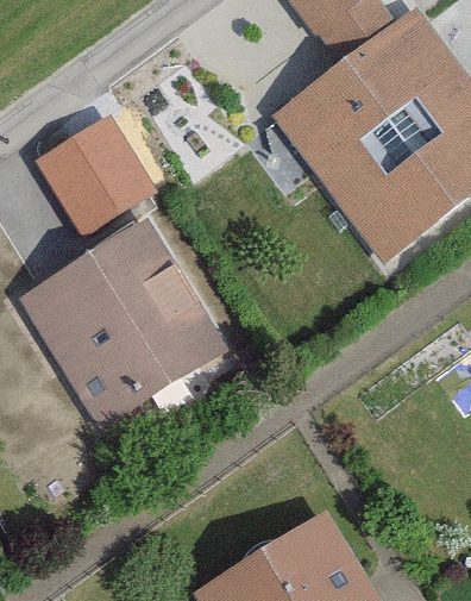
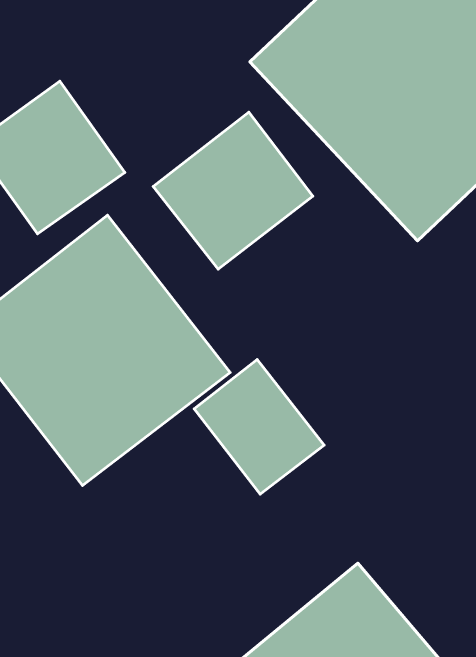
building: none -> [153,112,313,269]
building: none -> [194,359,324,494]

